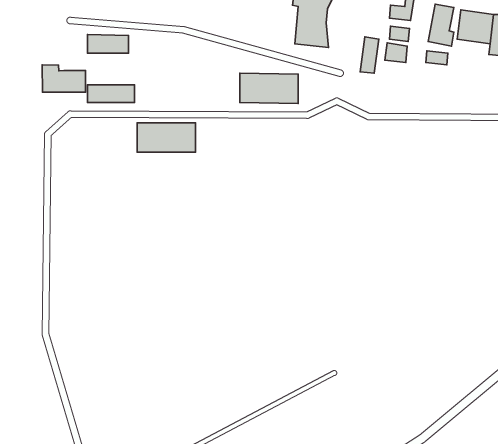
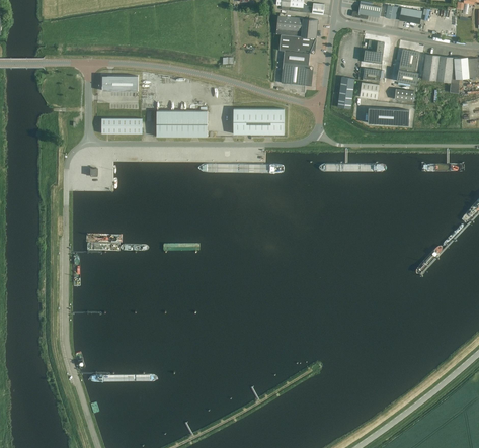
building: [42,65,86,92] -> none
building: none -> [367,107,409,125]
building: [137,123,196,152] -> [156,111,207,137]

